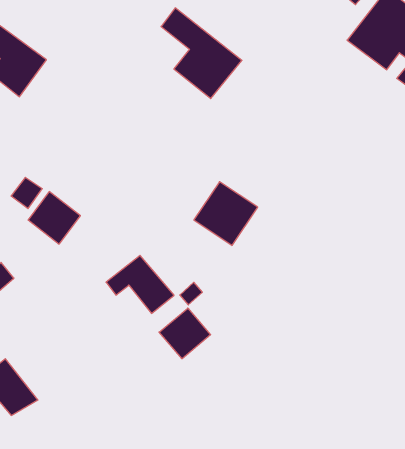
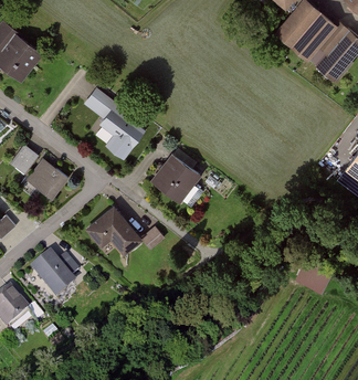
building: [161,8,242,99] -> [88,86,151,157]
building: [159,308,211,359] -> none
building: none -> [33,253,80,292]

